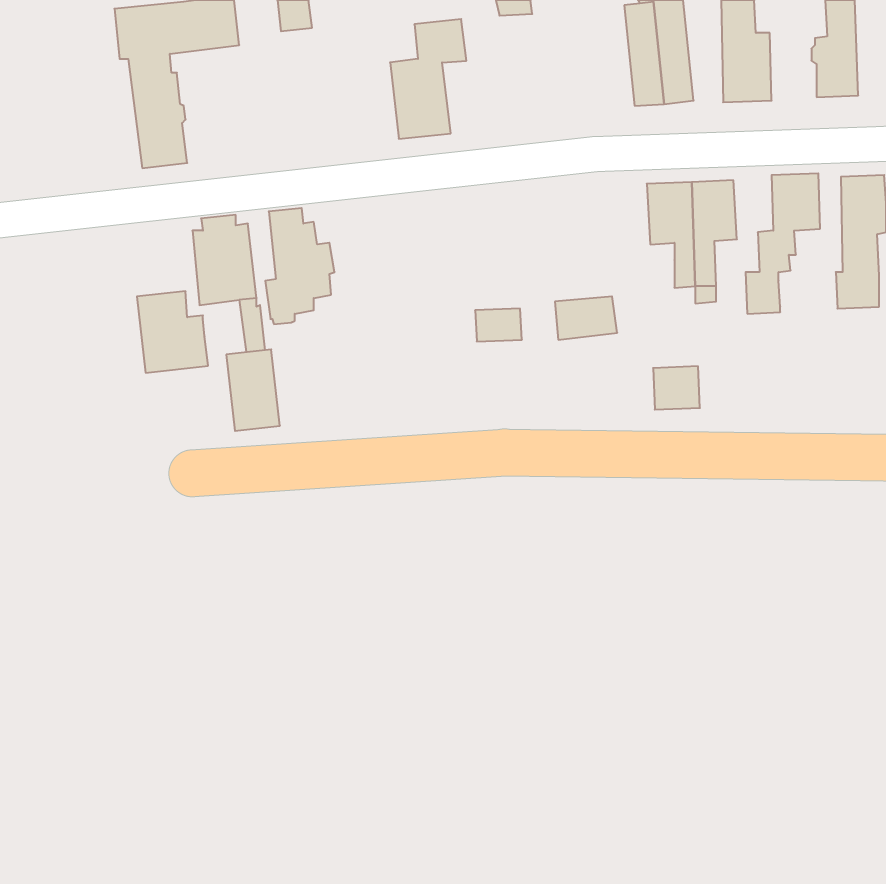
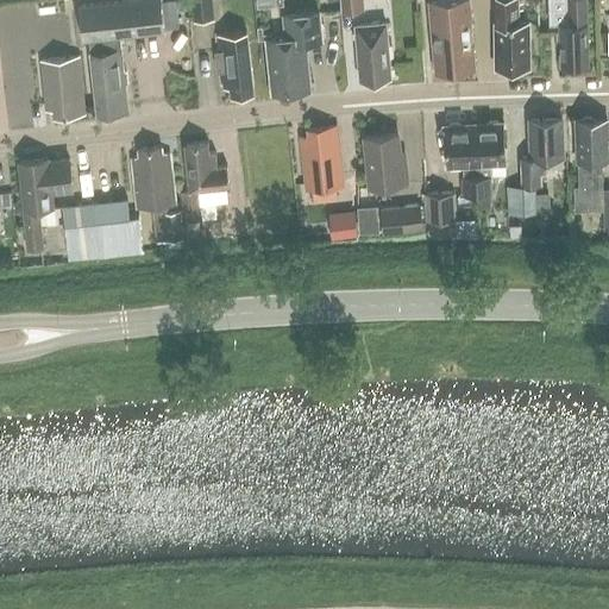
building: none -> [354,25,390,82]
building: none -> [215,33,253,98]
building: none -> [40,58,84,120]
building: none -> [301,128,343,190]
building: none -> [364,136,407,190]
building: none -> [18,161,73,251]
building: [226,349,280,431] -> [63,205,100,260]
building: [653,366,700,410] -> [425,194,457,224]

